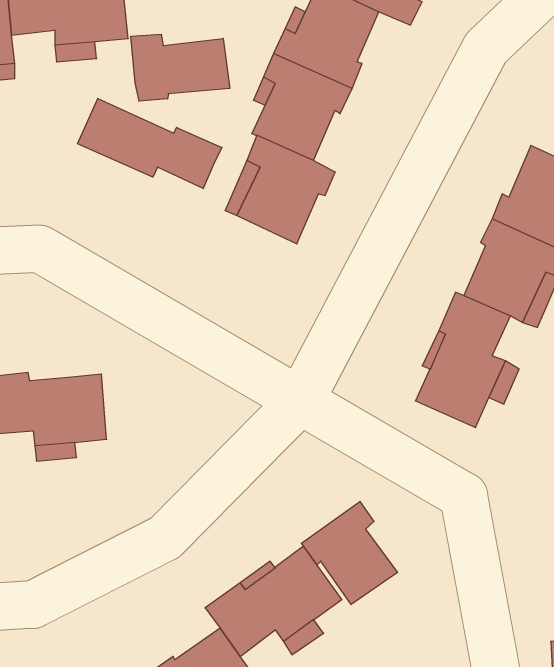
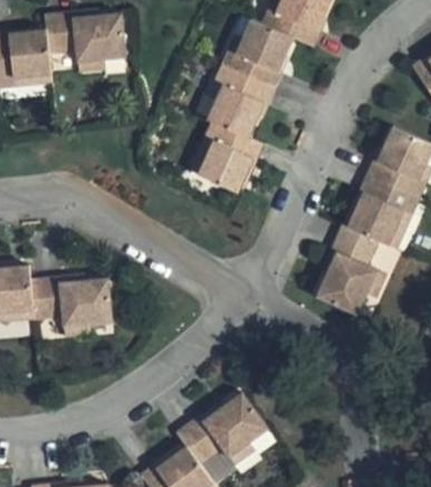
building: [131,34,230,101] -> none
building: [77,98,222,189] -> none
building: [301,501,397,605] -> none

